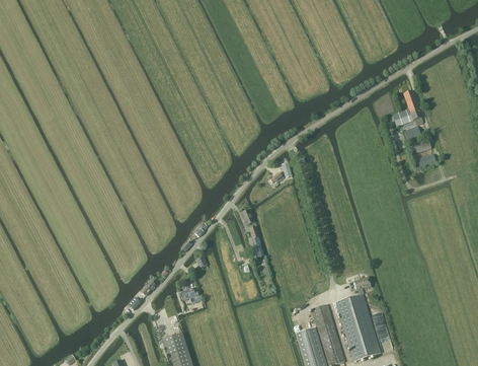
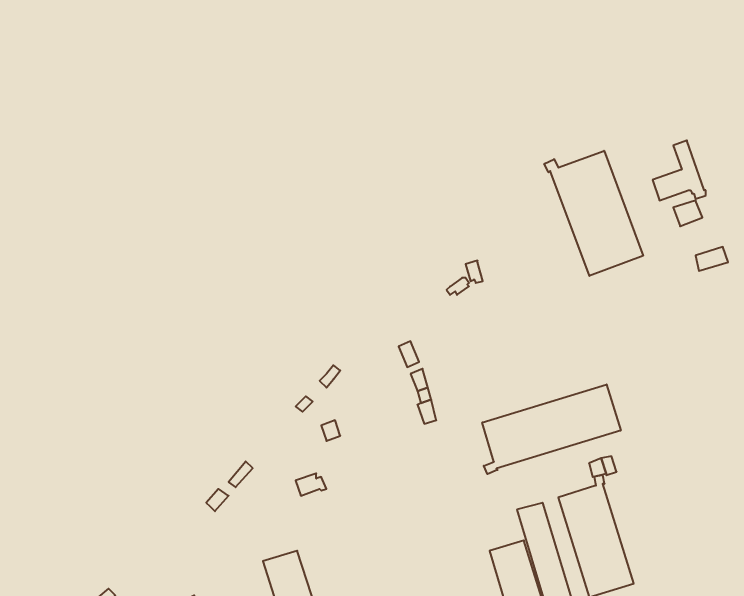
building: none -> [544,151,643,276]
building: none -> [482,384,621,474]

